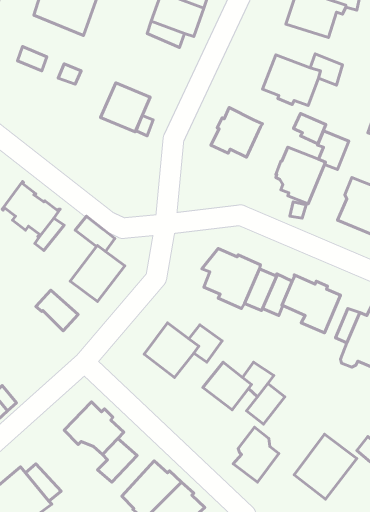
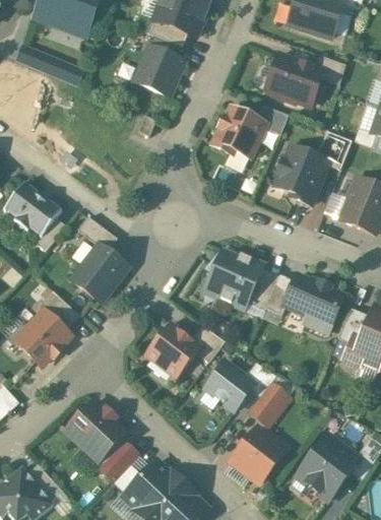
building: [101,83,150,132] -> [133,47,183,95]
building: [294,113,326,144] -> [255,105,288,135]
building: none -> [14,311,69,366]

